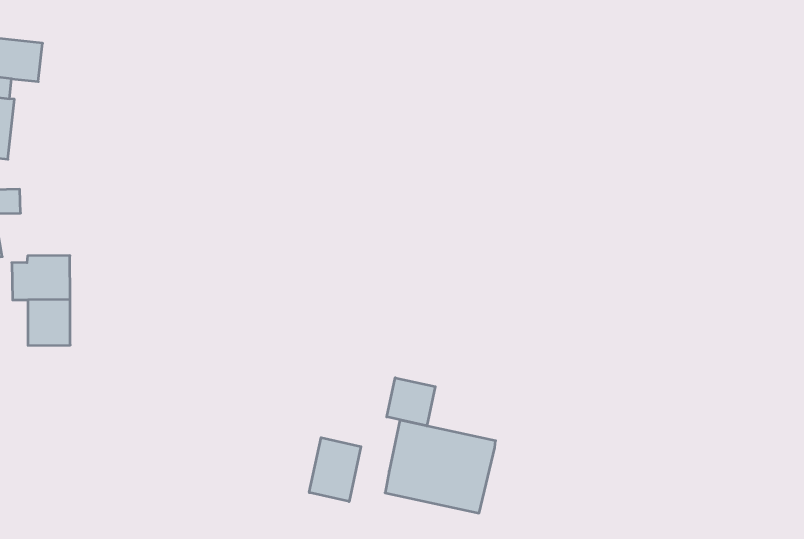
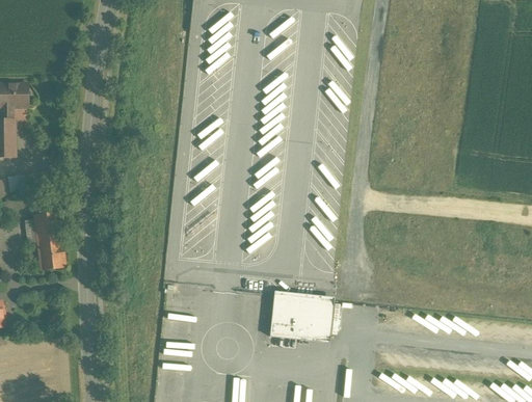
building: [387,378,435,426] -> none
building: [309,438,361,502] -> none

